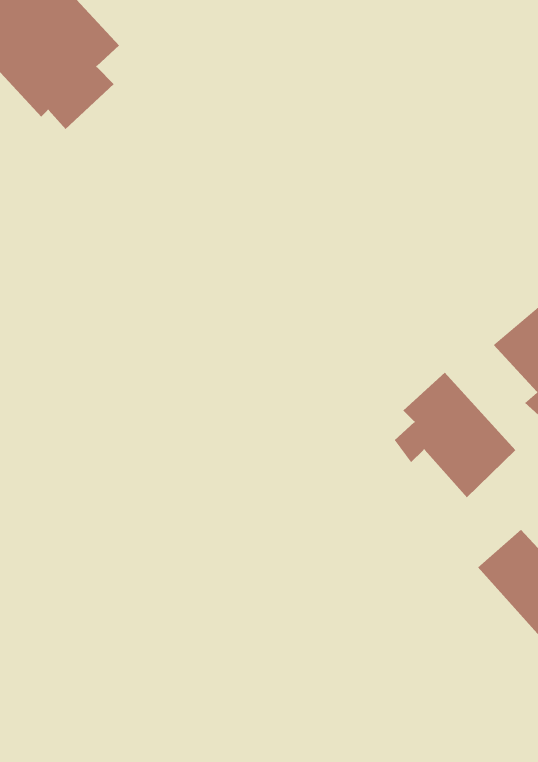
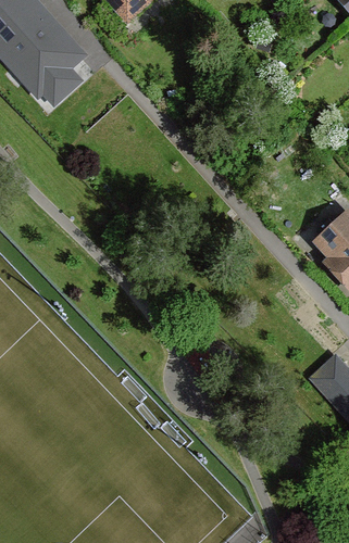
building: [394,372,516,498] -> none

